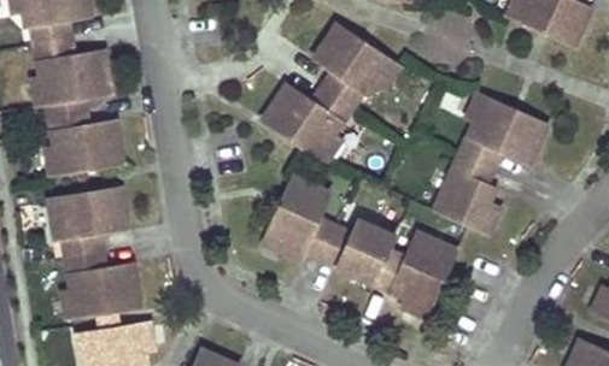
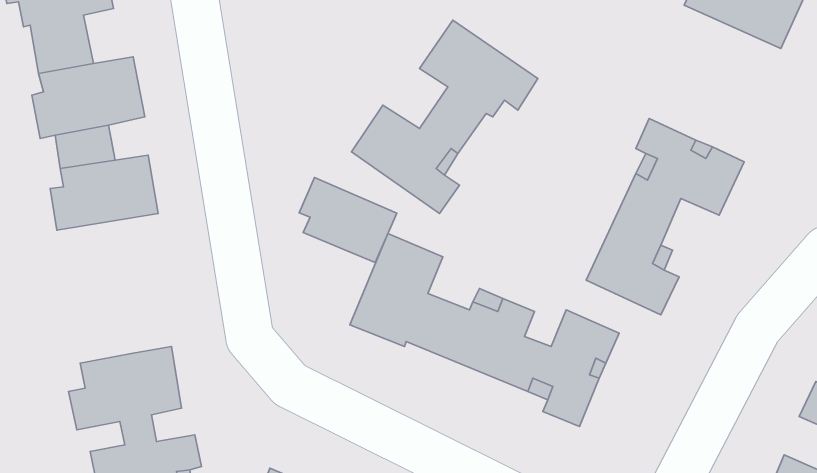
building: none -> [299,178,397,263]
building: [49,185,127,271] -> none

